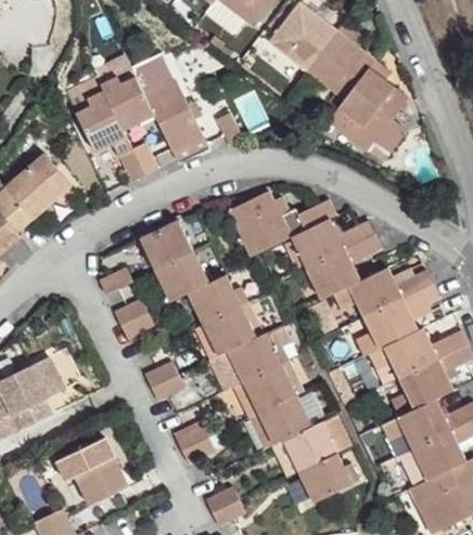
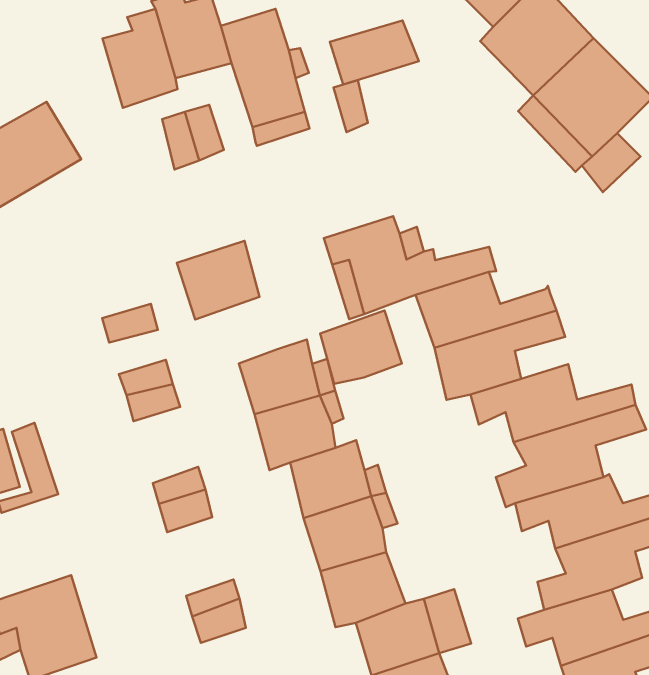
building: none -> [330,20,419,85]
building: [155,252,207,301] -> [320,311,402,384]

